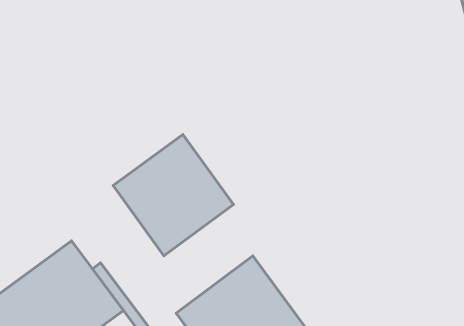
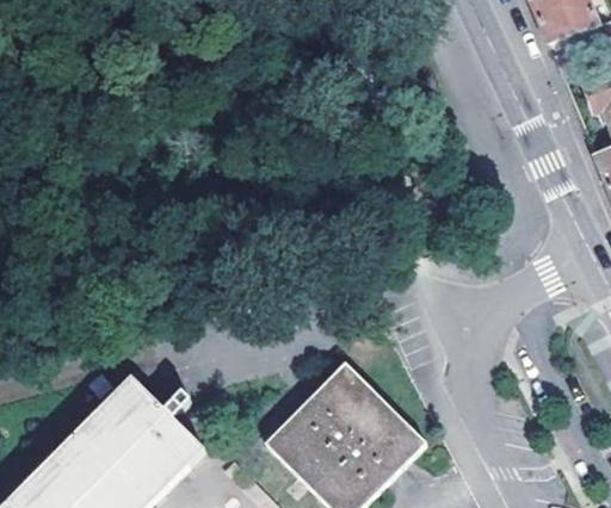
building: [113,134,233,256] -> none

